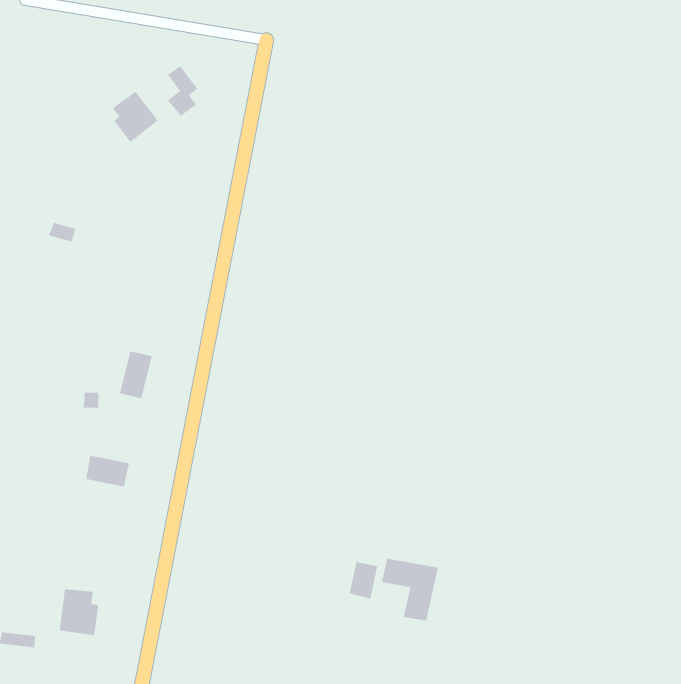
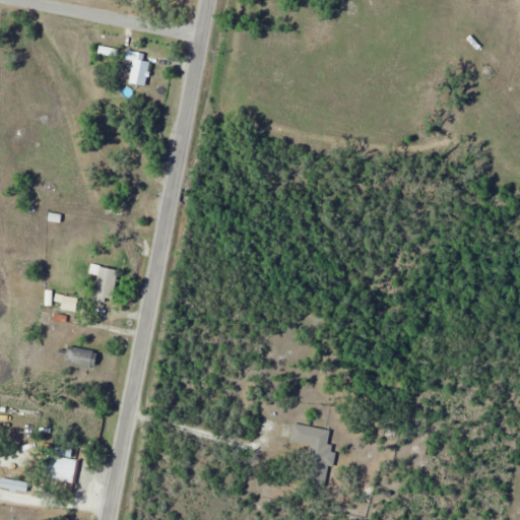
building: [112,91,158,143] -> none
building: [349,561,378,599] -> none

